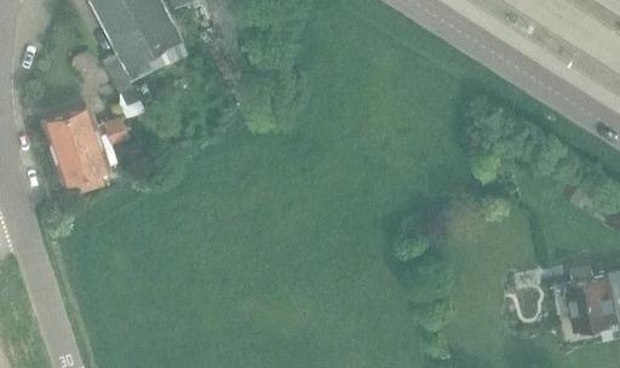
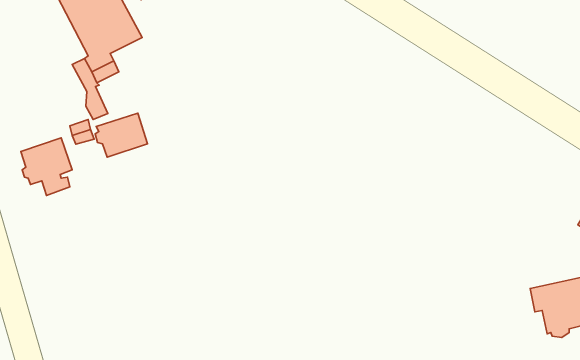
building: [45,107,97,150] -> [95,113,148,157]

